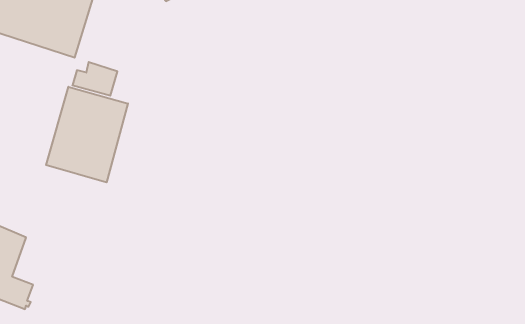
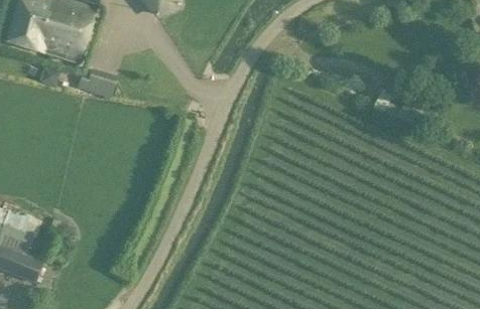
building: [46,87,128,182] -> none

